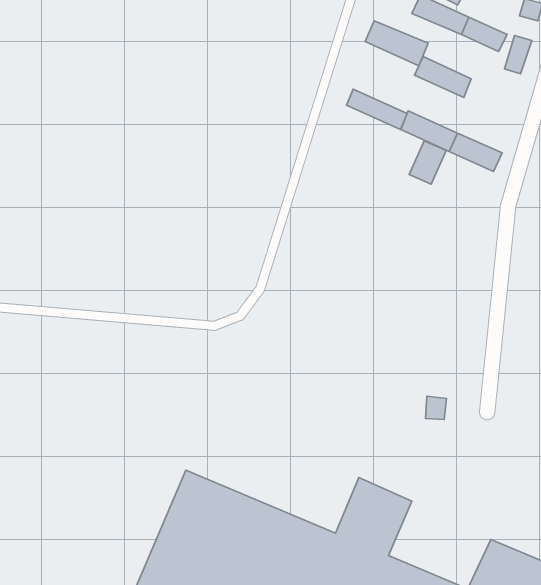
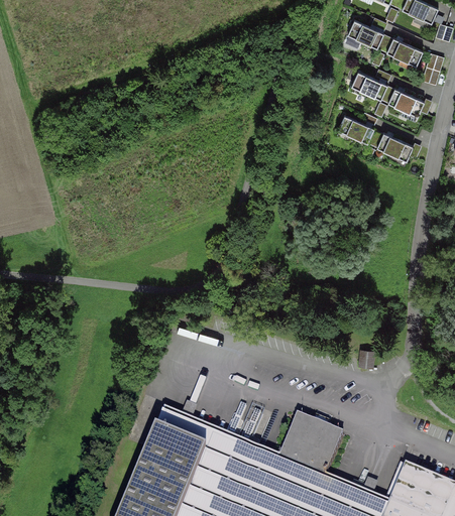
building: [365,21,428,66] -> none
building: none -> [388,90,425,119]
building: [347,89,407,130] -> none
building: [409,141,446,184] -> none

